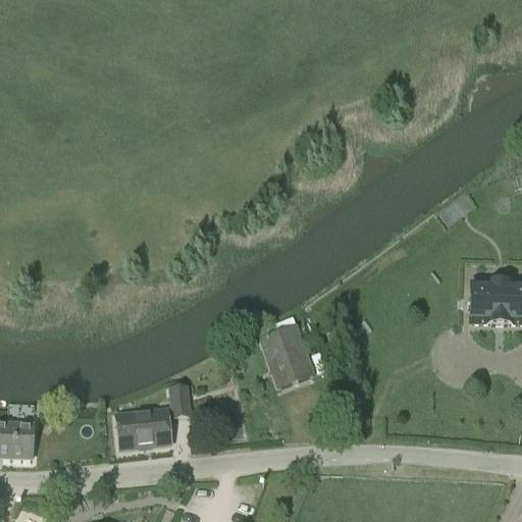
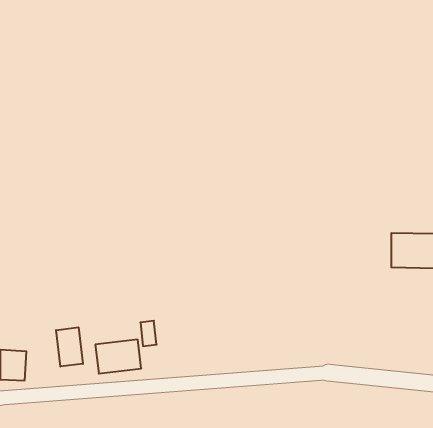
building: [259,322,314,385] -> none
building: none -> [56,327,83,367]

